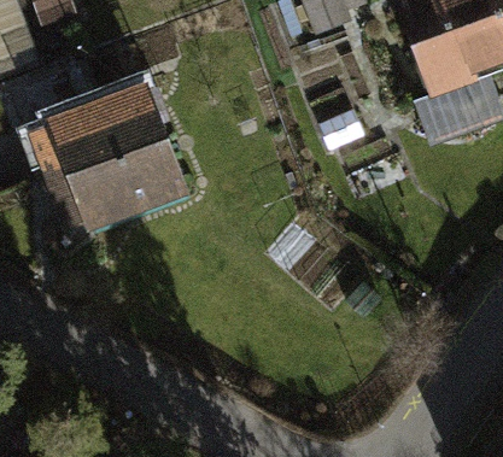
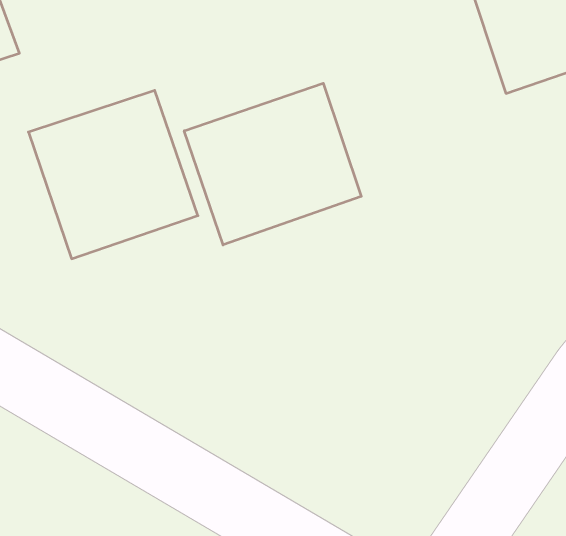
building: none -> [184,83,361,245]

